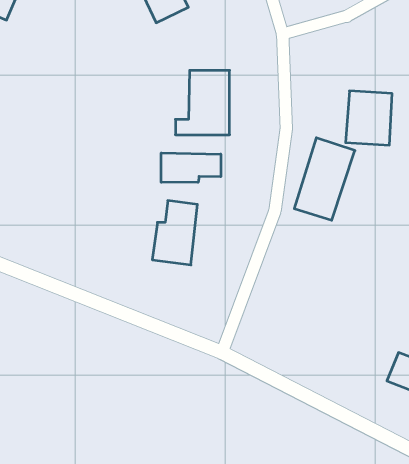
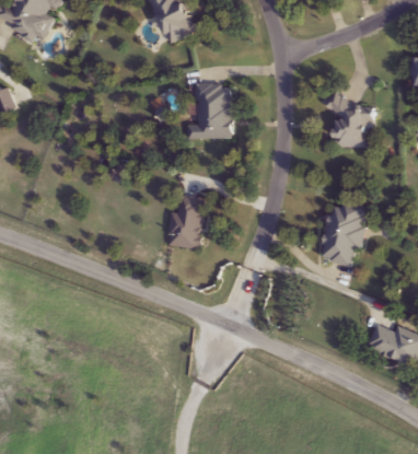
building: [294,138,355,220] -> [318,198,370,268]
building: [161,153,221,182] -> none

